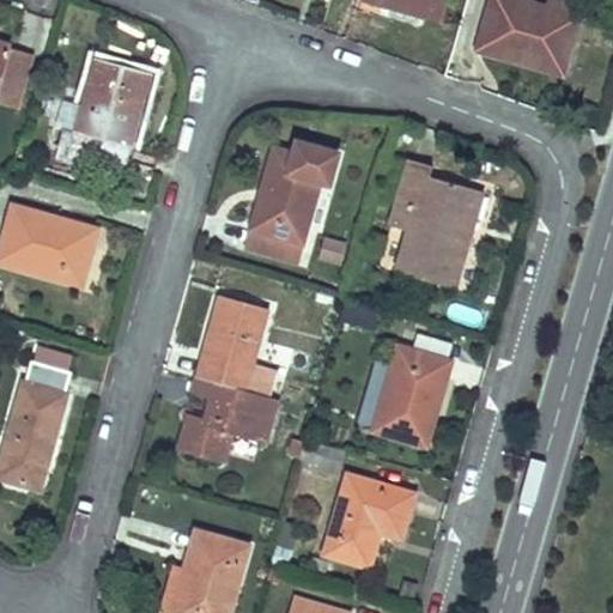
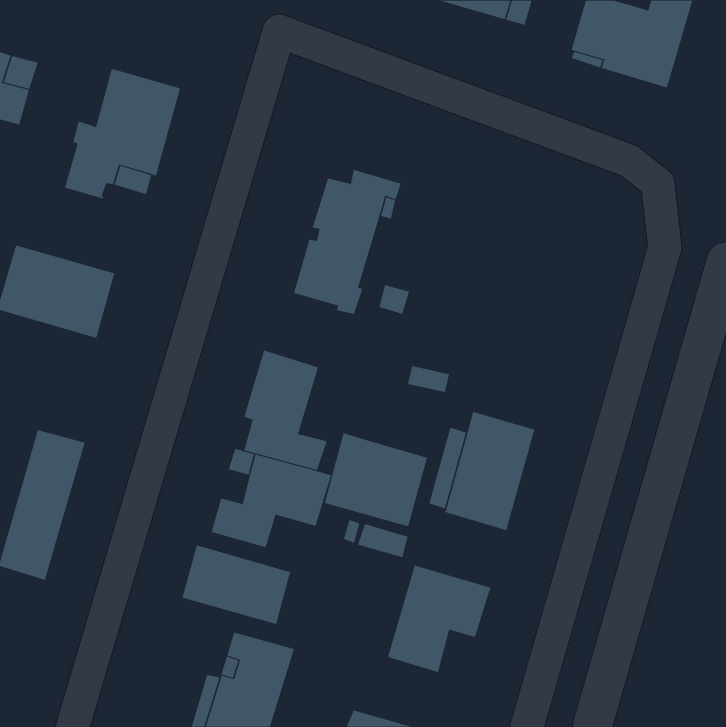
building: [392,159,479,289] -> none
building: none -> [324,433,428,527]
building: none -> [182,544,291,625]

